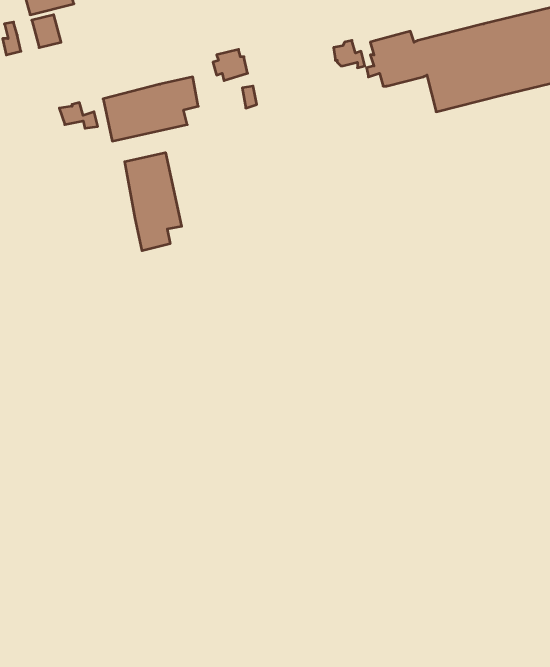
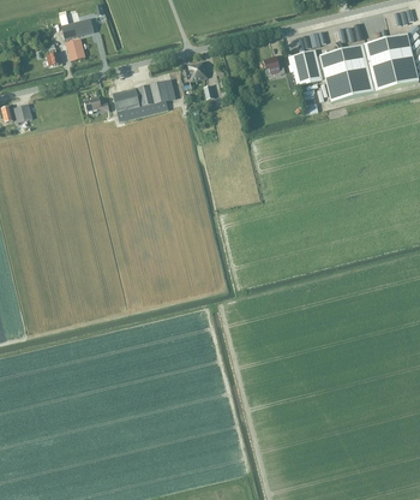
building: [125,153,182,251] -> none

